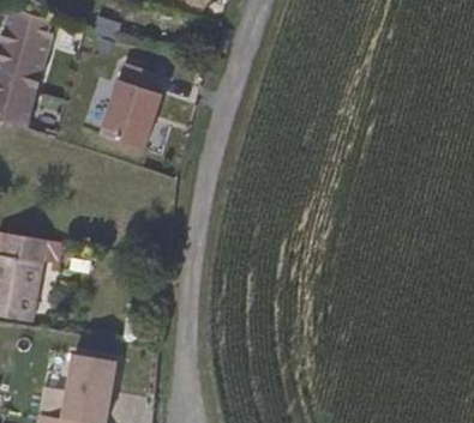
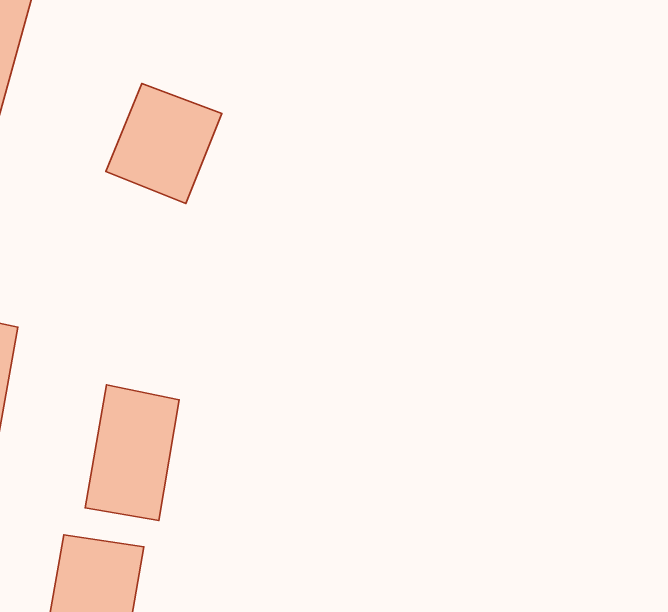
building: none -> [85,385,179,521]

